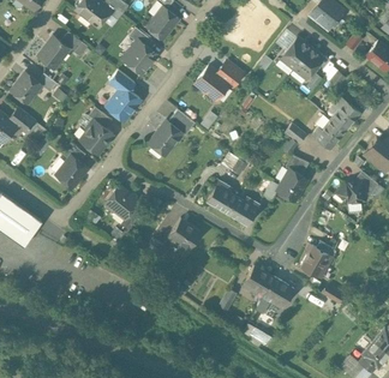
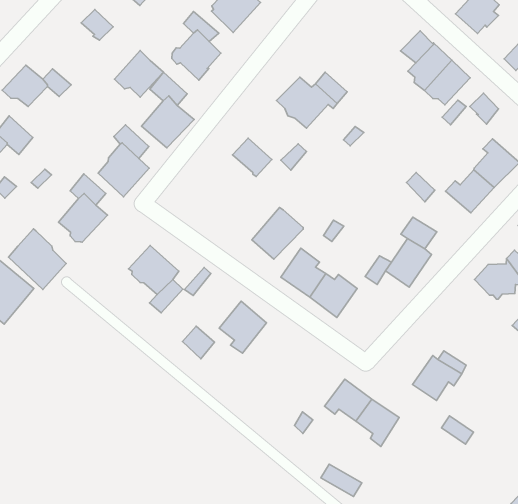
building: [37,36,70,67] -> [115,51,164,97]
building: [149,121,182,156] -> [252,208,303,259]
building: none -> [9,229,66,290]

